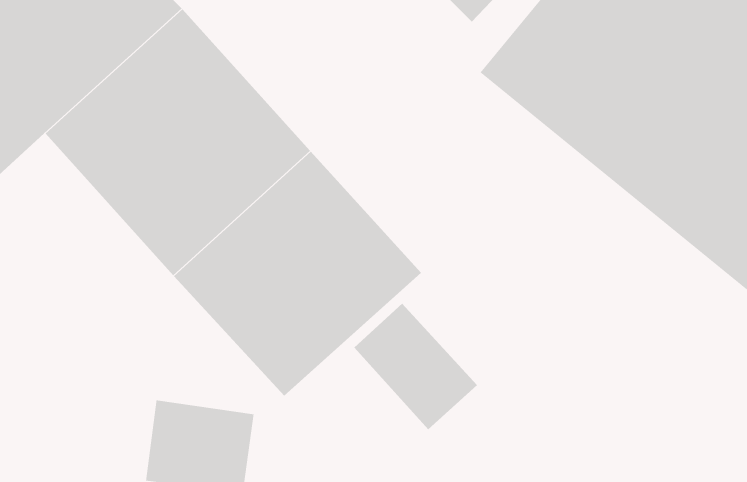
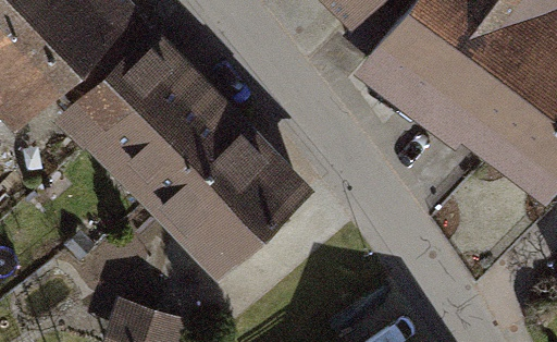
building: [354,303,478,430] -> none

